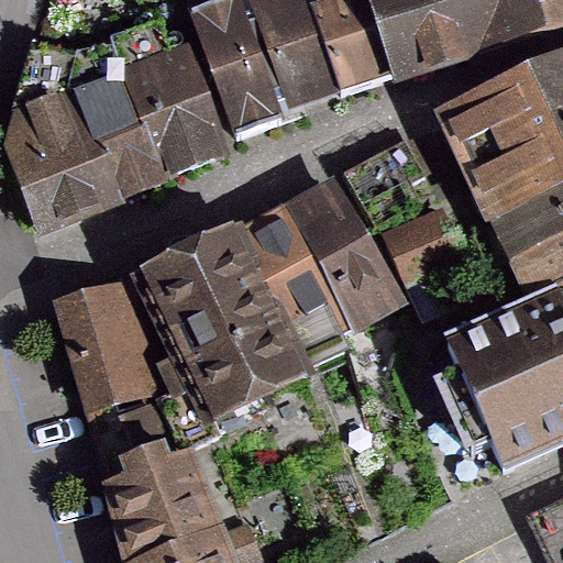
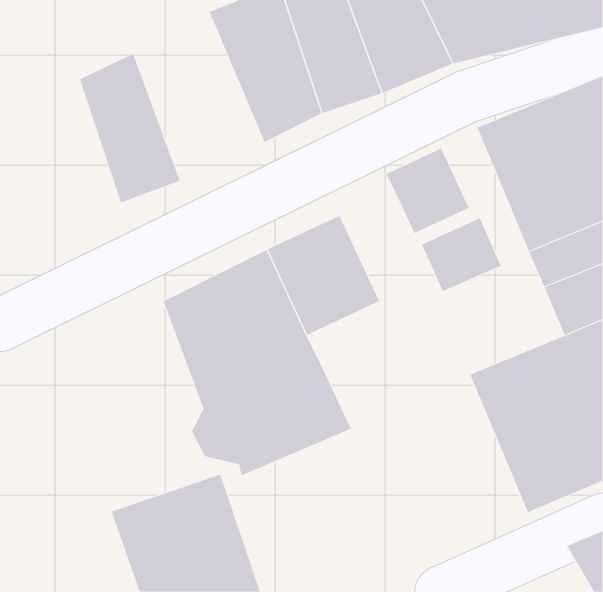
building: [124,34,214,168] -> none
building: [15,63,112,218] -> none
building: [286,180,399,347] -> none
building: [47,286,170,476] -> none

